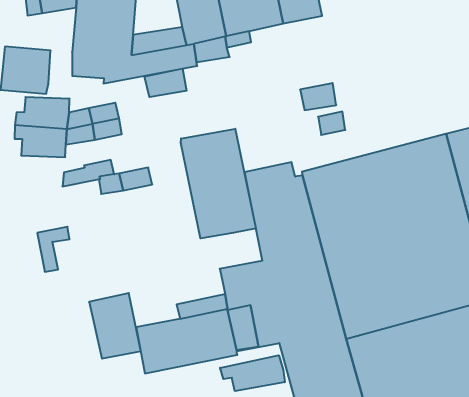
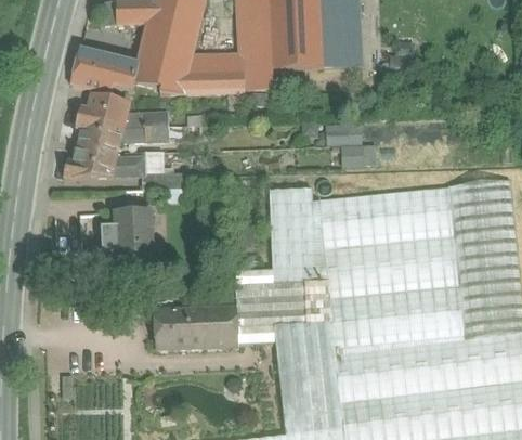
building: none -> [113,57,138,90]
building: [144,69,187,97] -> none
building: [181,129,256,238] -> none
building: none -> [63,144,117,179]
building: [89,293,141,359] -> [115,210,153,263]
building: [220,355,285,391] -> none

